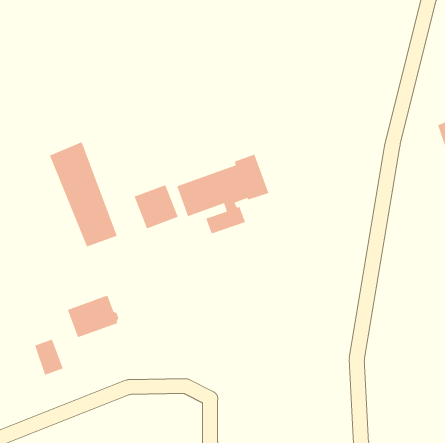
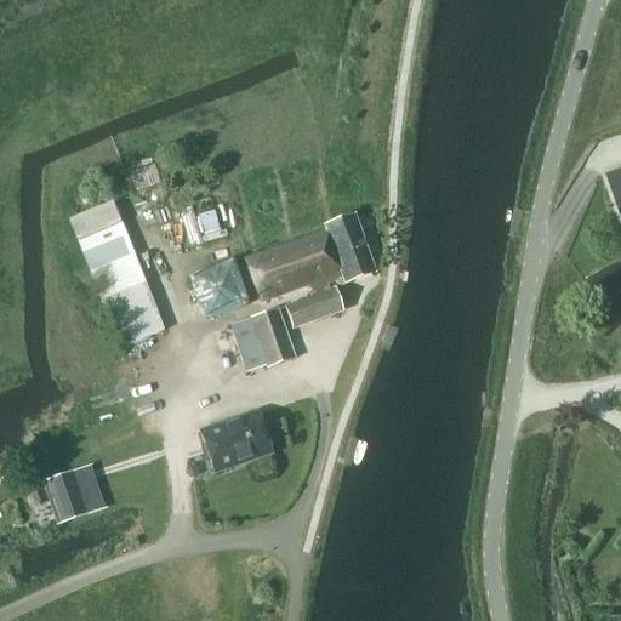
building: none -> [232,307,296,371]
building: [67,295,119,338] -> [201,410,274,471]

